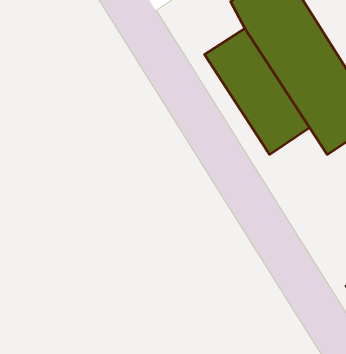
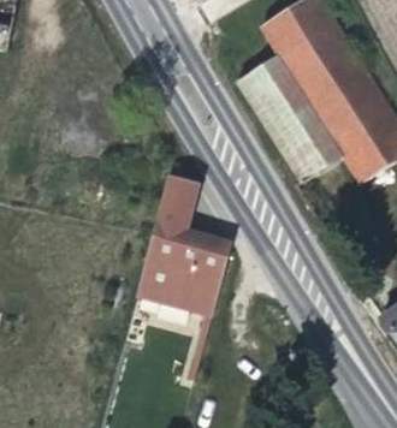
building: none -> [131,160,220,299]

